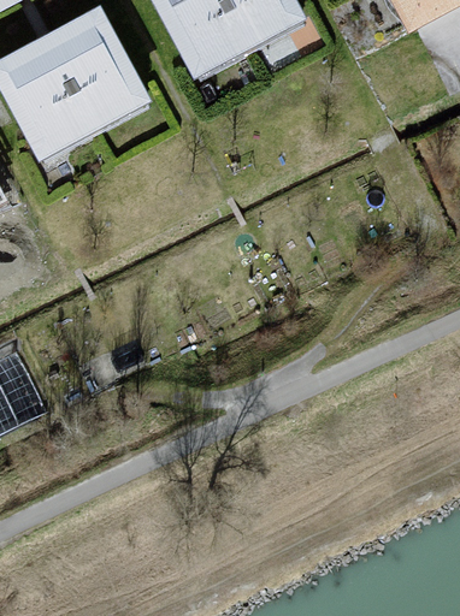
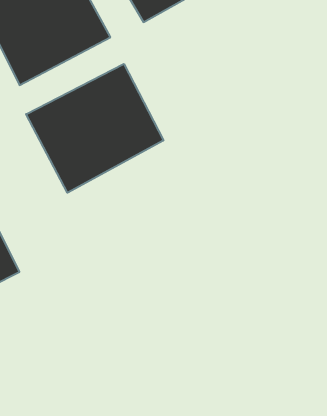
building: none -> [26,64,163,193]

